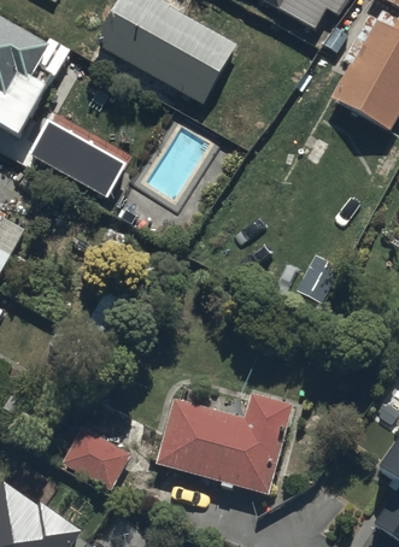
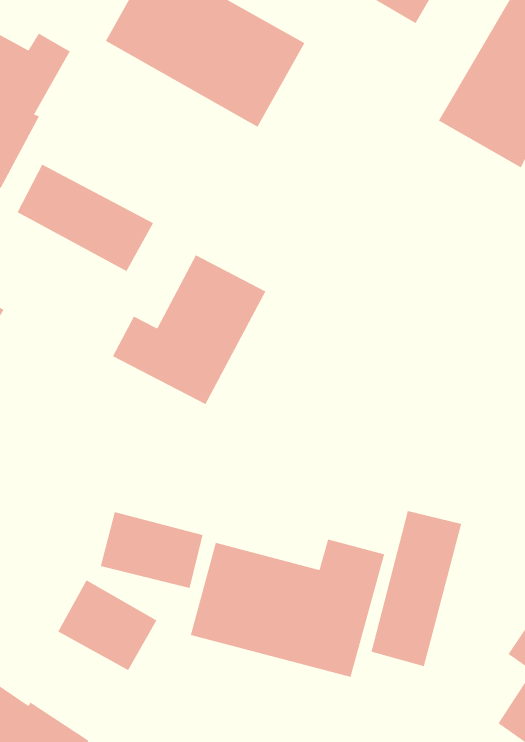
building: none -> [112,254,266,405]
building: none -> [370,510,462,667]
building: none -> [100,511,203,589]

